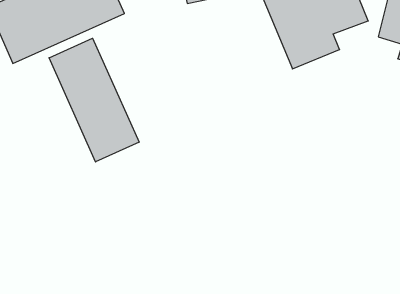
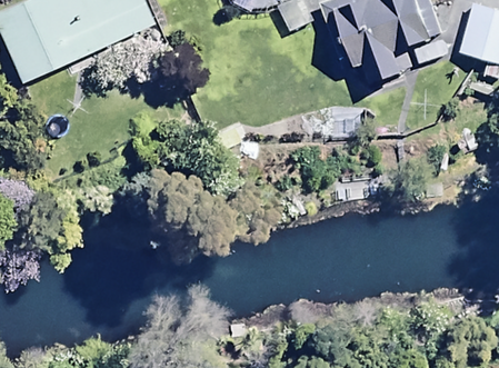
building: [49,38,139,162] -> none

